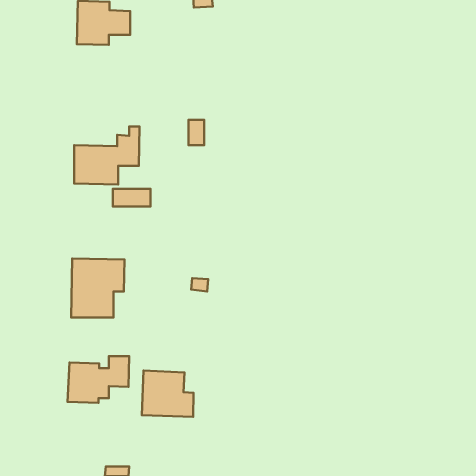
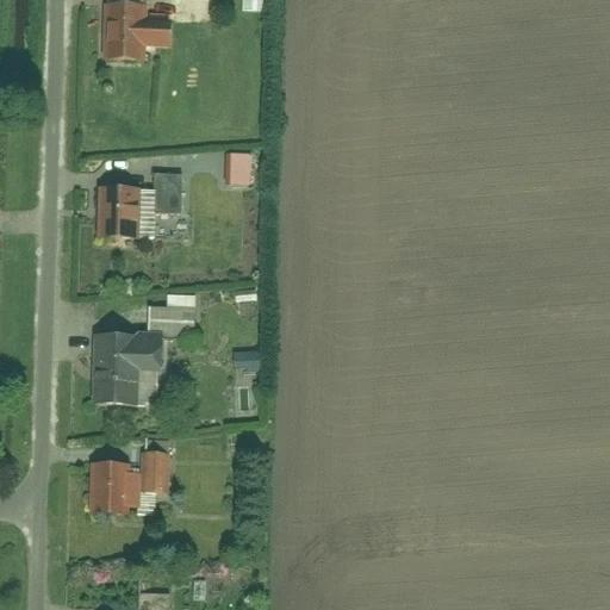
building: [113,189,150,206] -> [148,305,195,328]
building: [142,371,194,417] -> none

